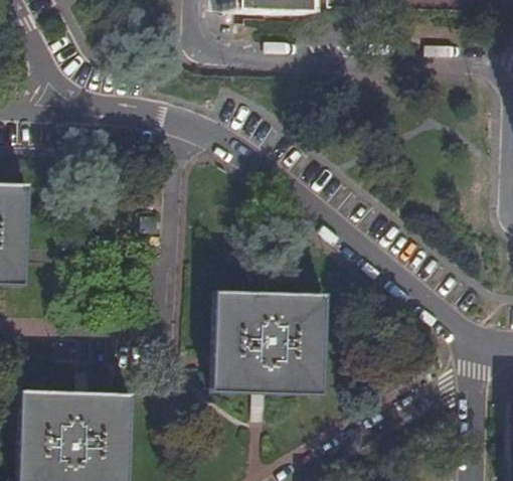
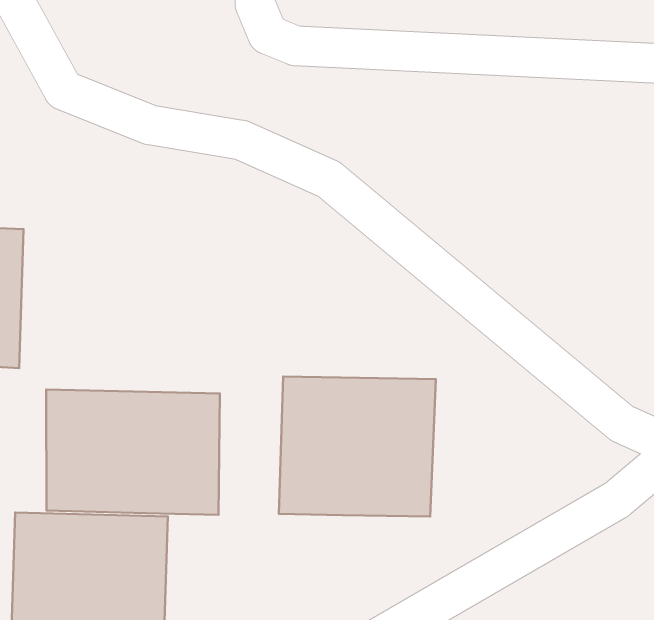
building: none -> [46,389,220,515]

